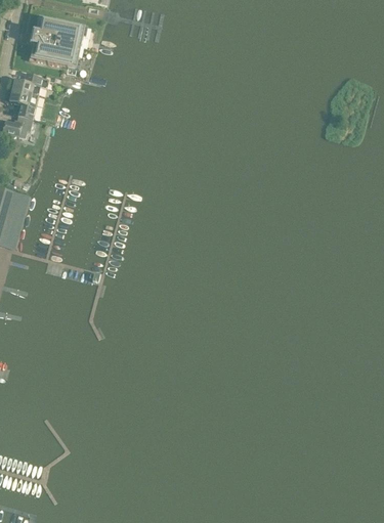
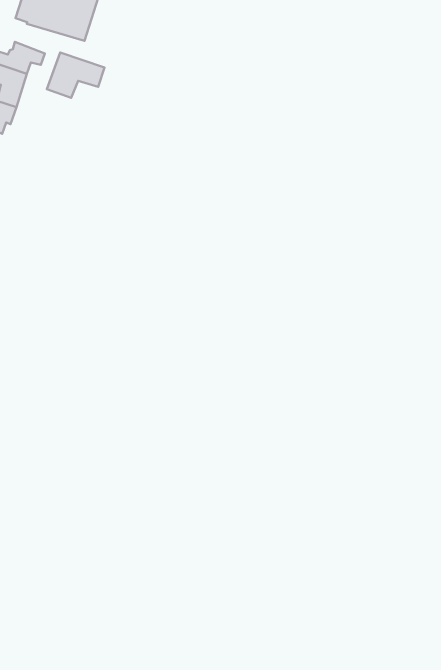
building: none -> [47,52,104,98]

